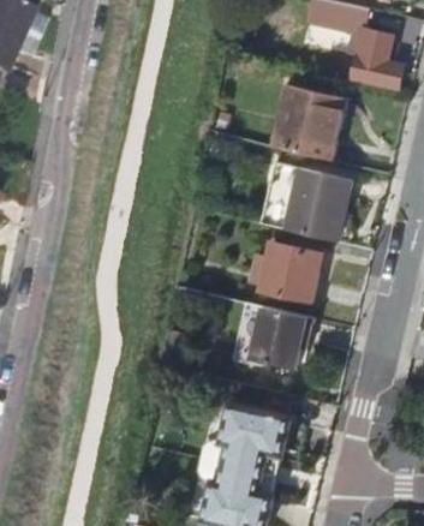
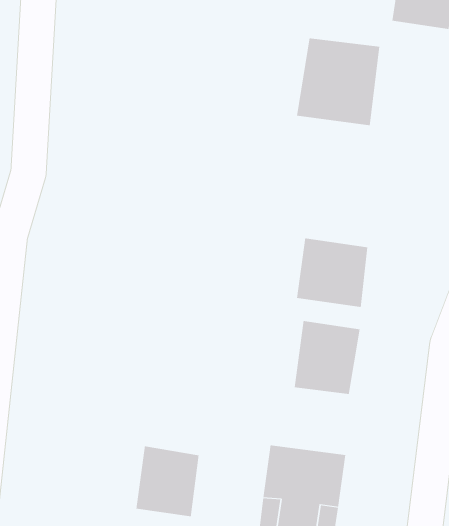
building: [265,162,356,243] -> none
building: none -> [136,445,199,517]

